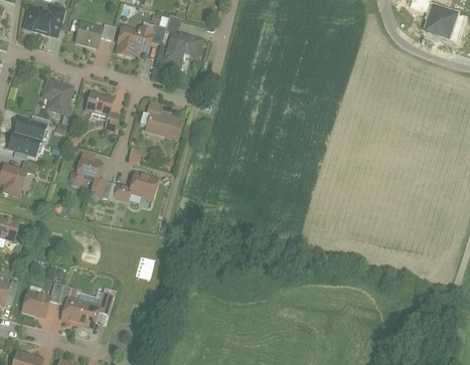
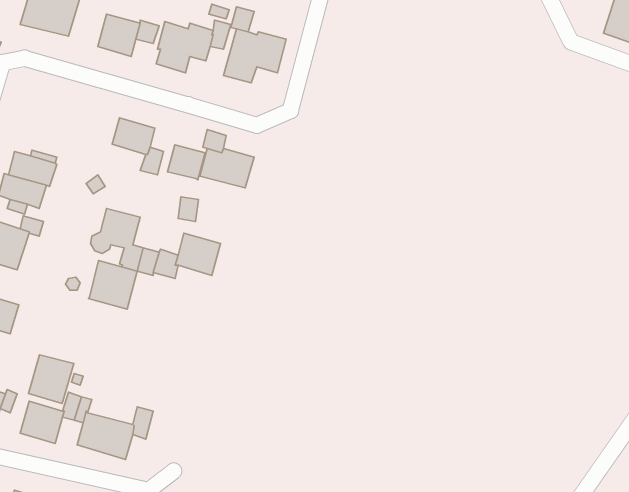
building: [41,78,74,116] -> none
building: none -> [167,145,205,180]
building: none -> [89,261,137,309]
building: none -> [29,355,74,403]

